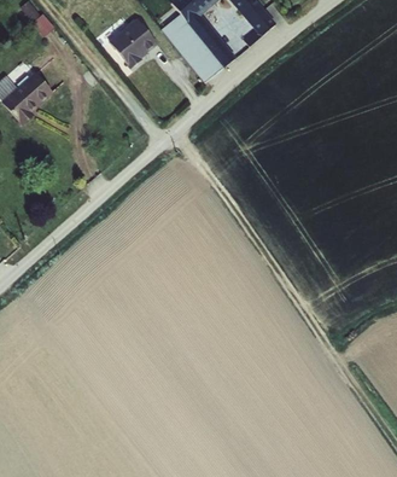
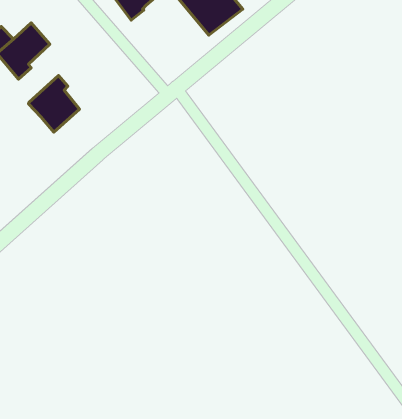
building: none -> [28,76,80,132]

